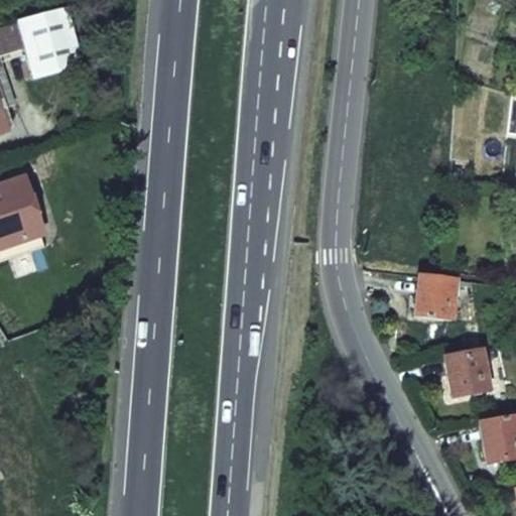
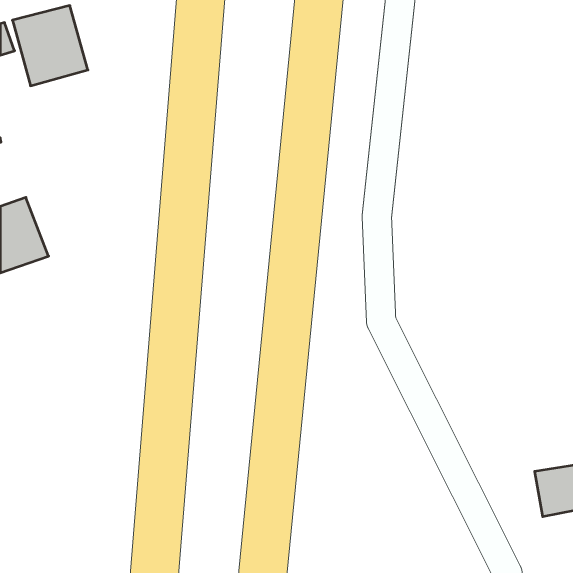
building: [415,274,457,318] -> none
building: [445,349,491,394] -> none

